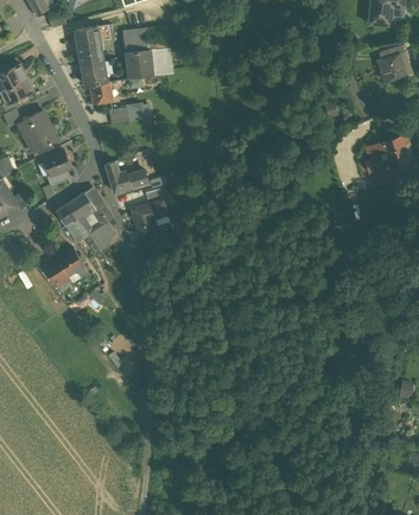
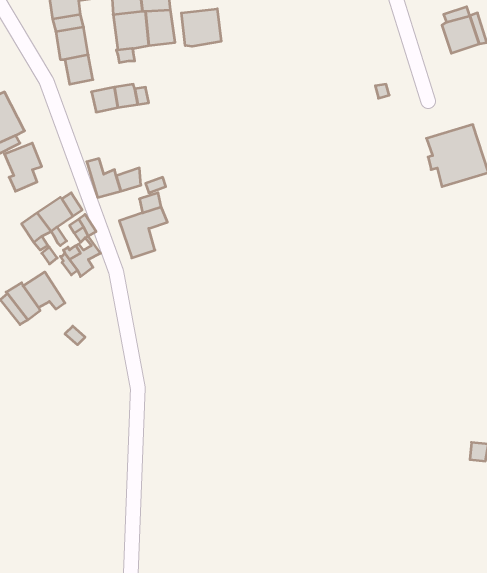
building: none -> [181,9,221,46]

